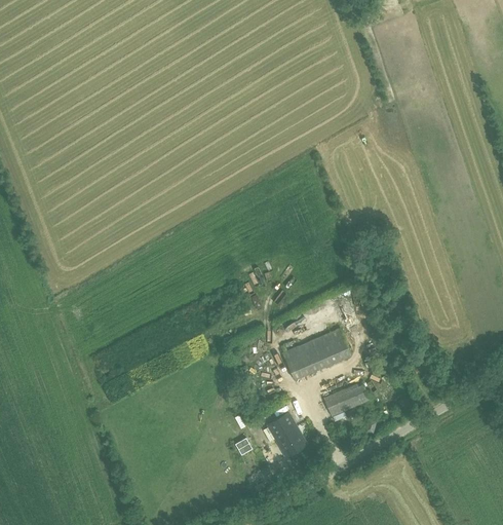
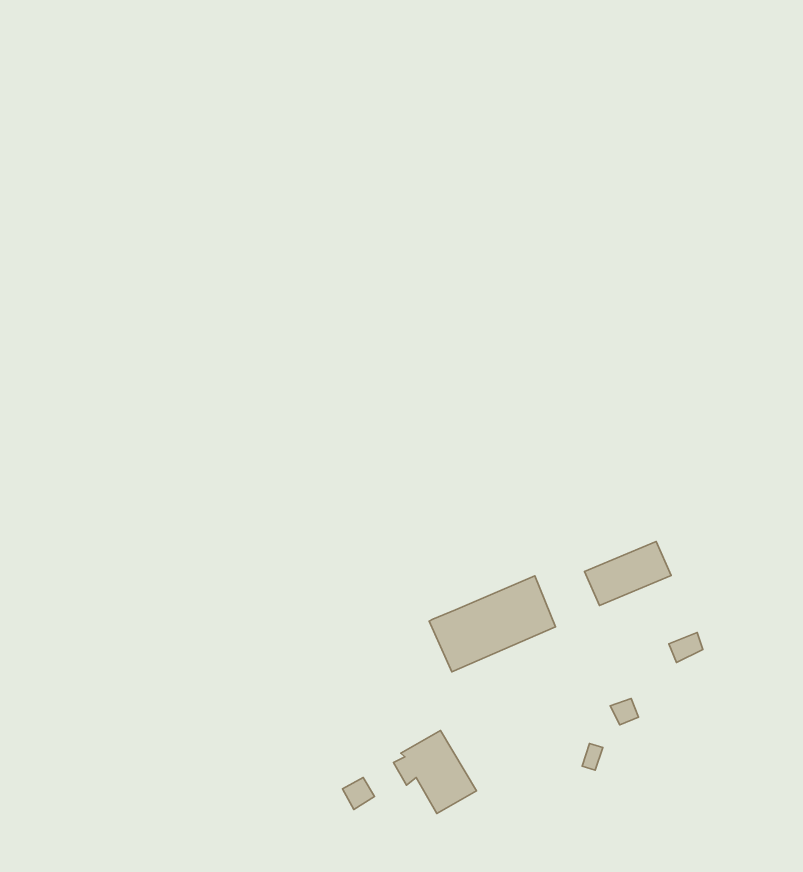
building: [322,381,370,416] -> [584,541,671,606]

